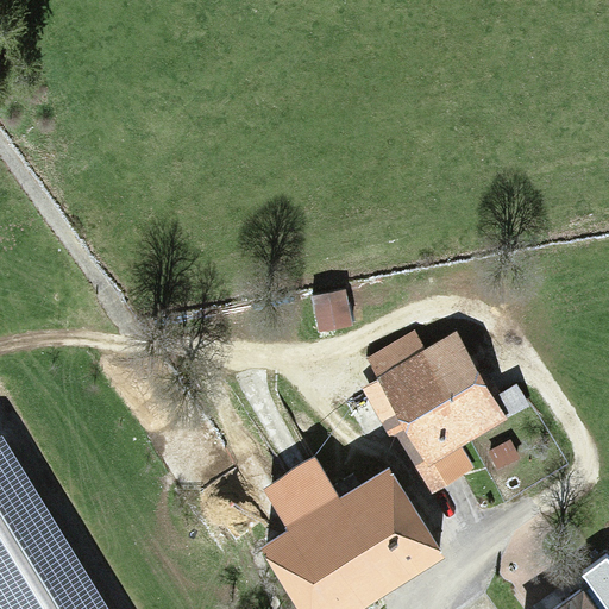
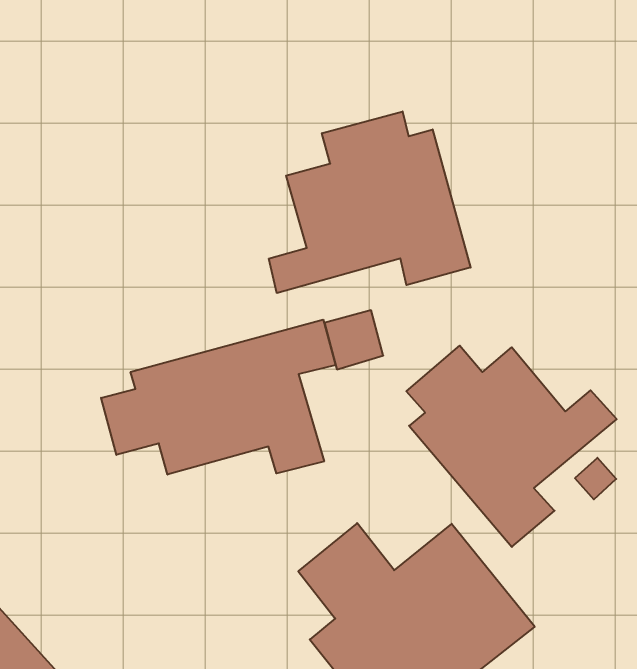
building: none -> [269,111,471,293]
building: none -> [101,320,336,475]

